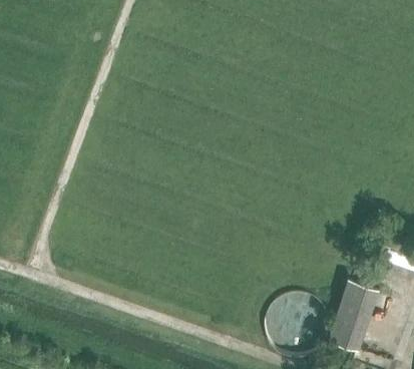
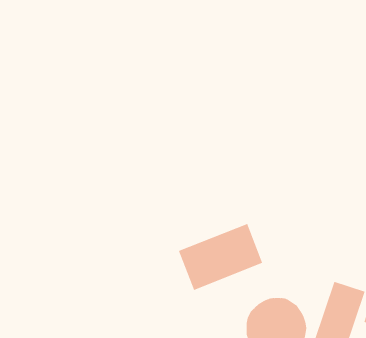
building: none -> [178,223,263,291]

